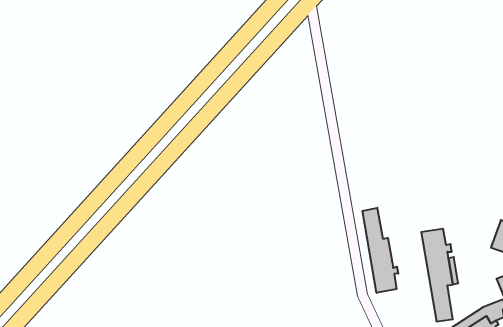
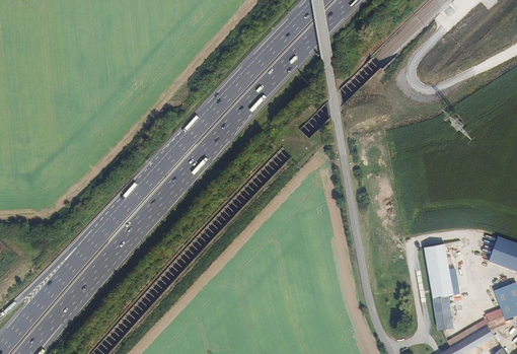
building: [363,208,398,293] -> none

